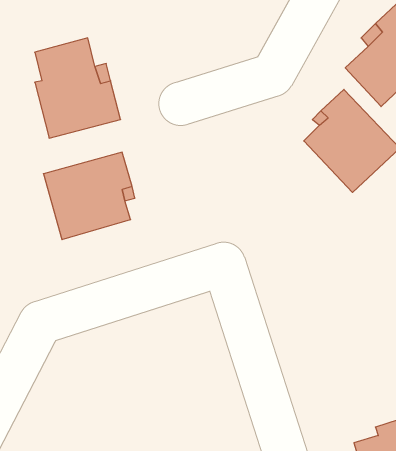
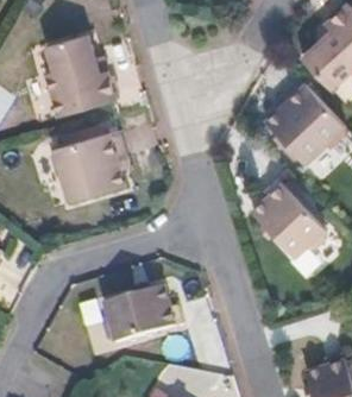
building: none -> [251,172,326,252]
building: none -> [102,281,181,340]

